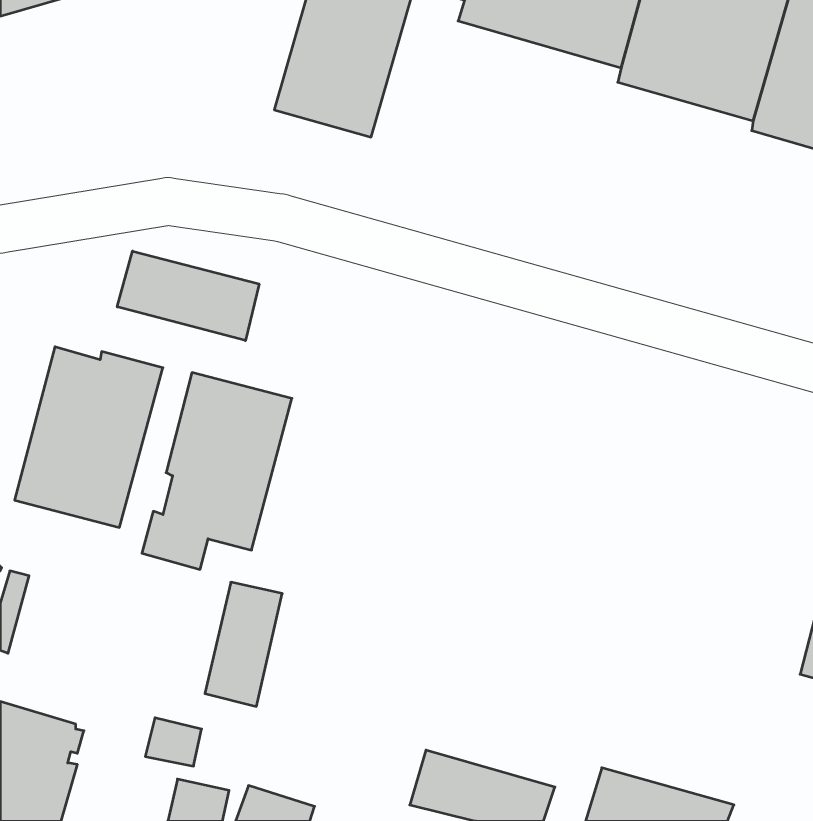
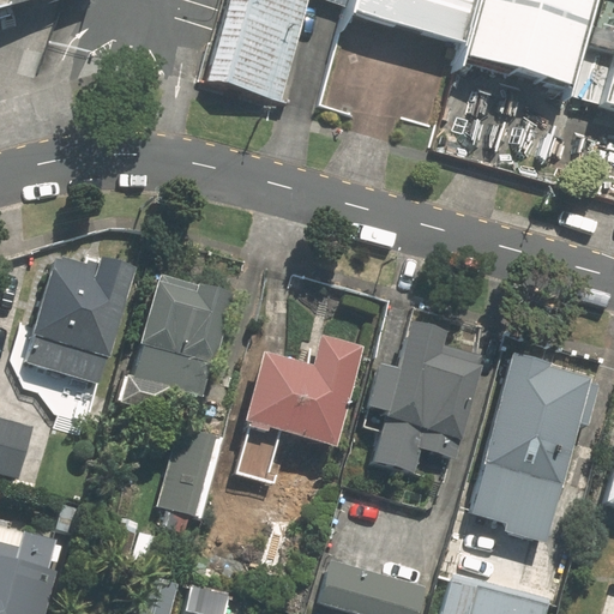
building: [117,251,259,341] -> none
building: none -> [367,319,487,472]
building: none -> [239,343,360,459]
building: none -> [474,350,601,510]

